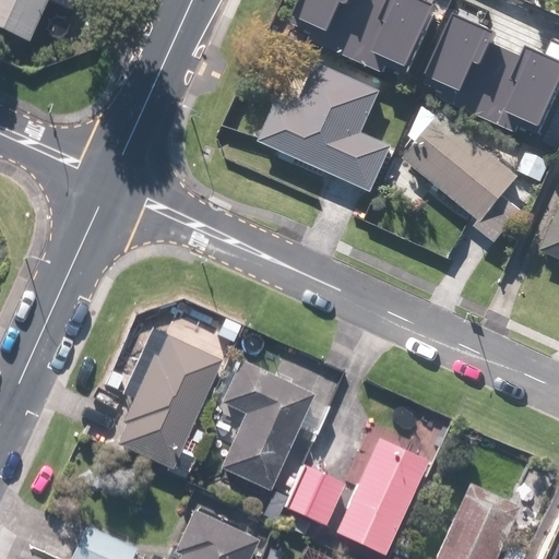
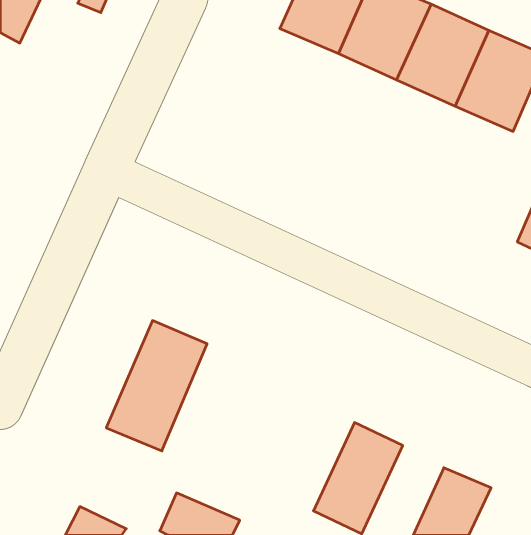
building: [263,57,395,194] -> none
building: [405,118,526,248] -> none
building: [221,362,330,490] -> none
building: [288,468,343,524] -> none

